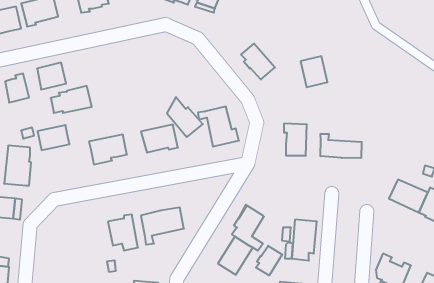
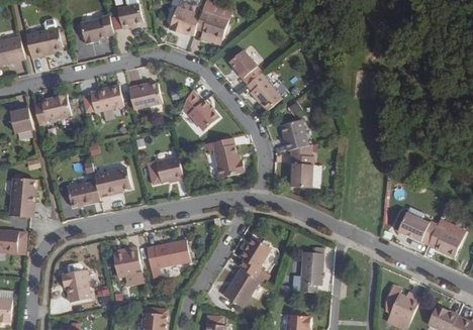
building: none -> [230,49,263,85]
building: none -> [129,84,163,110]
building: [301,56,327,87] -> [281,119,308,150]
building: [51,86,92,113] -> [82,83,123,110]
building: [167,97,203,137] -> [183,90,219,130]
building: [38,125,70,150] -> [68,181,100,206]
building: [320,134,362,158] -> none
building: none -> [61,269,91,302]
building: [256,246,282,276] -> none

